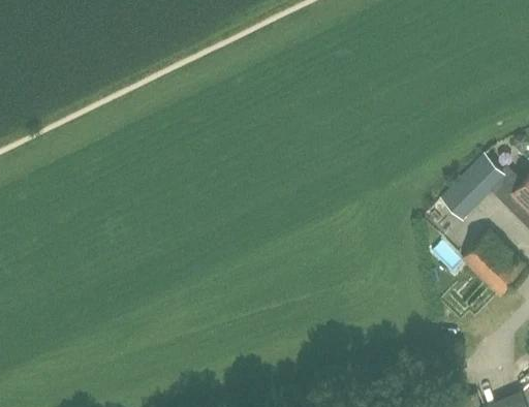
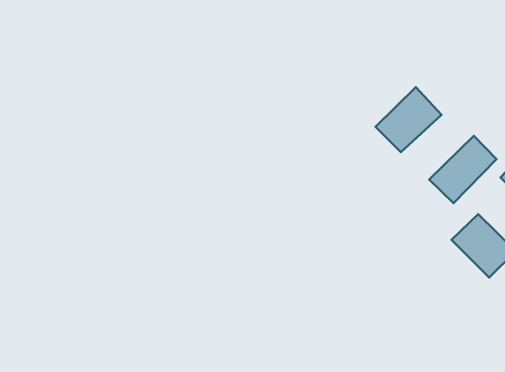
building: none -> [375,87,441,152]

